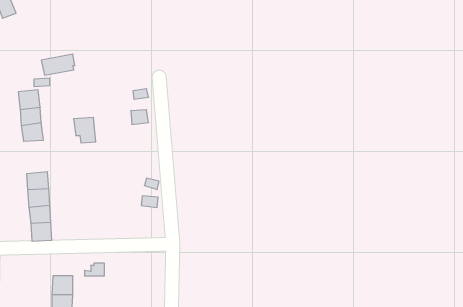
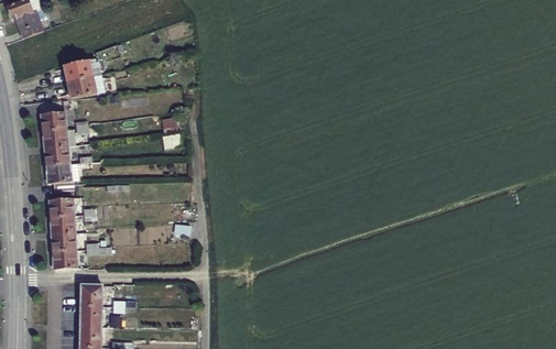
building: none -> [63,58,100,83]
building: [74,118,96,143] -> [48,166,72,193]
building: none -> [79,284,101,308]

